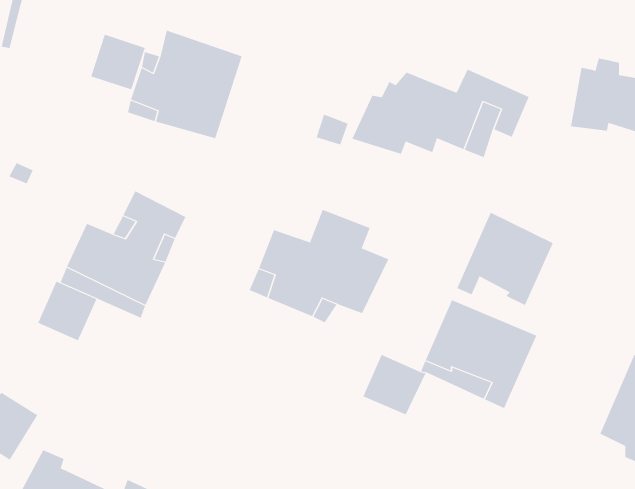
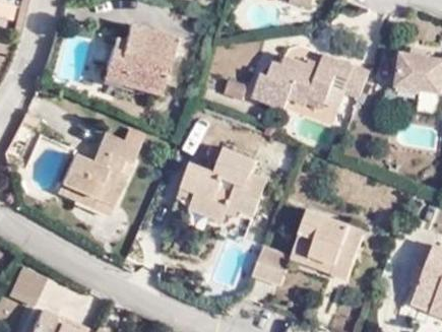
building: [90,34,146,90] -> none
building: [456,212,554,306] -> none
building: [37,281,97,341] -> none

